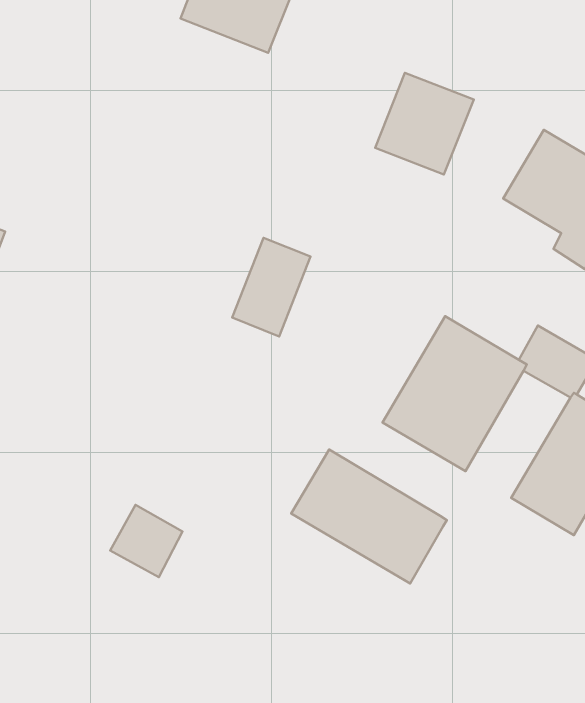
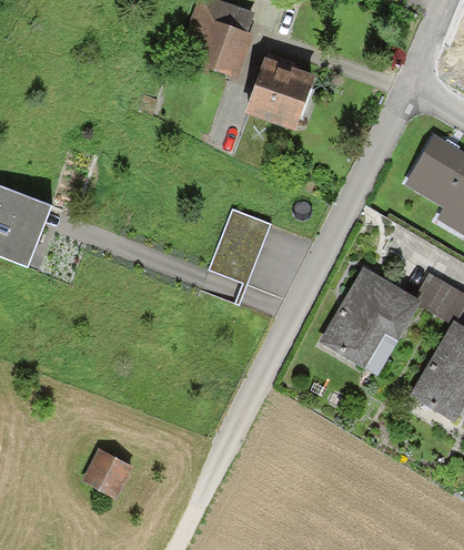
building: [375,73,474,175] -> [245,57,315,129]
building: [291,450,447,583] -> none
building: [110,505,182,577] -> [81,447,132,498]

